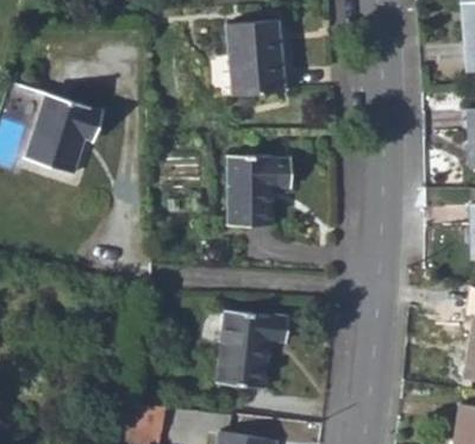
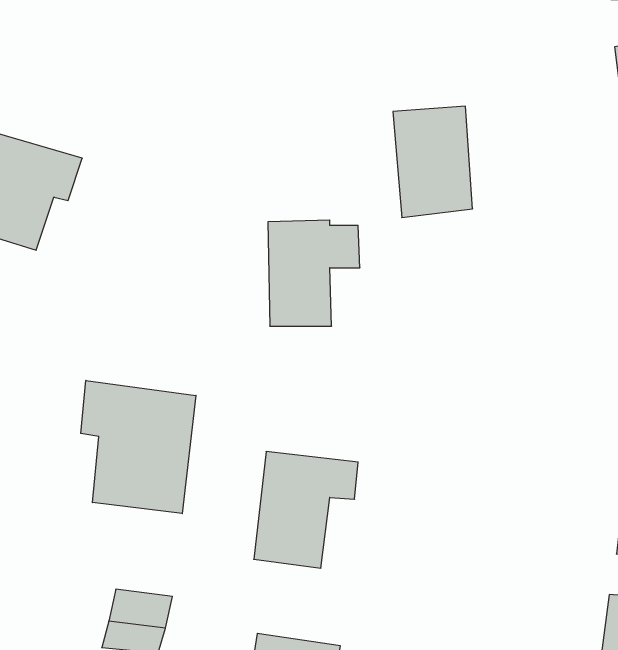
building: [227,20,281,95] -> [393,106,473,218]
building: none -> [81,380,196,514]

